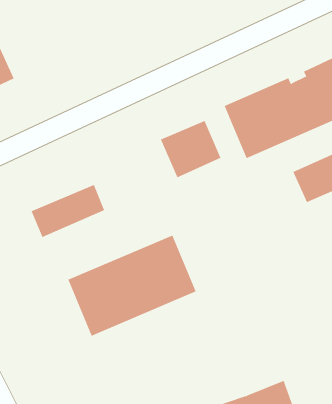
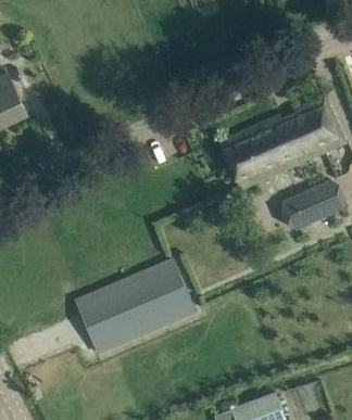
building: [160,120,221,178] -> none
building: [31,184,105,238] -> none

